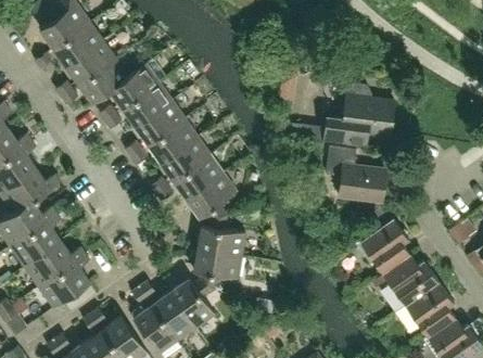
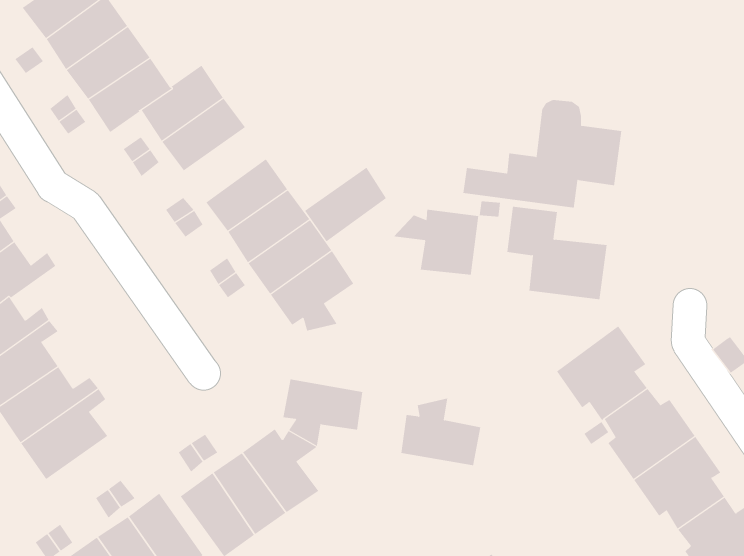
building: [136,100,185,144] -> [304,167,387,242]
building: none -> [393,209,479,275]
building: [199,216,246,256] -> [400,398,481,466]

